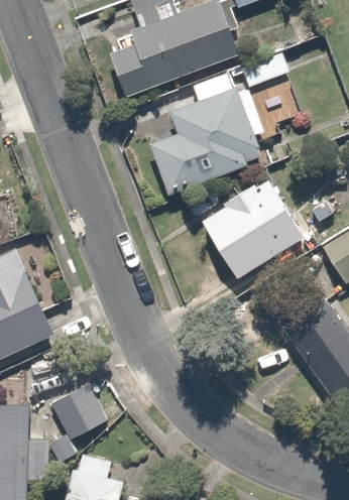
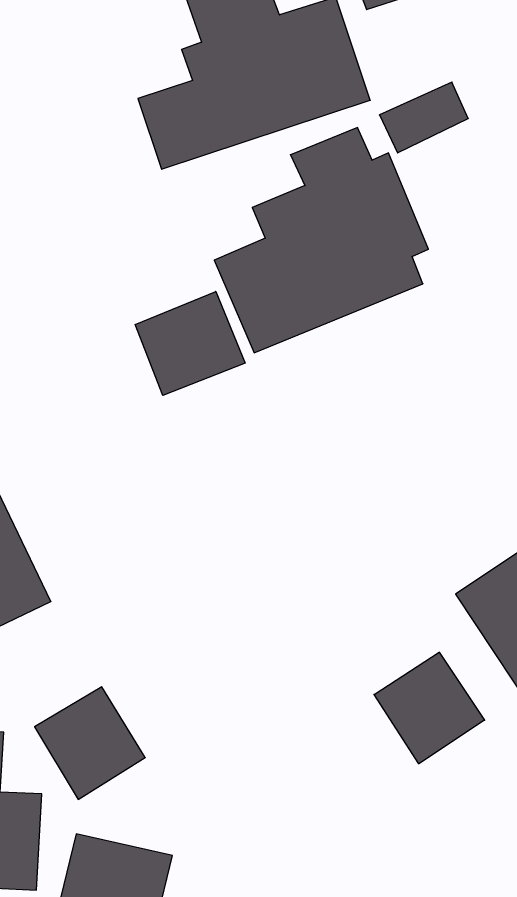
building: none -> [135,291,245,395]
building: [201,179,307,280] -> none
building: none -> [374,652,485,764]

